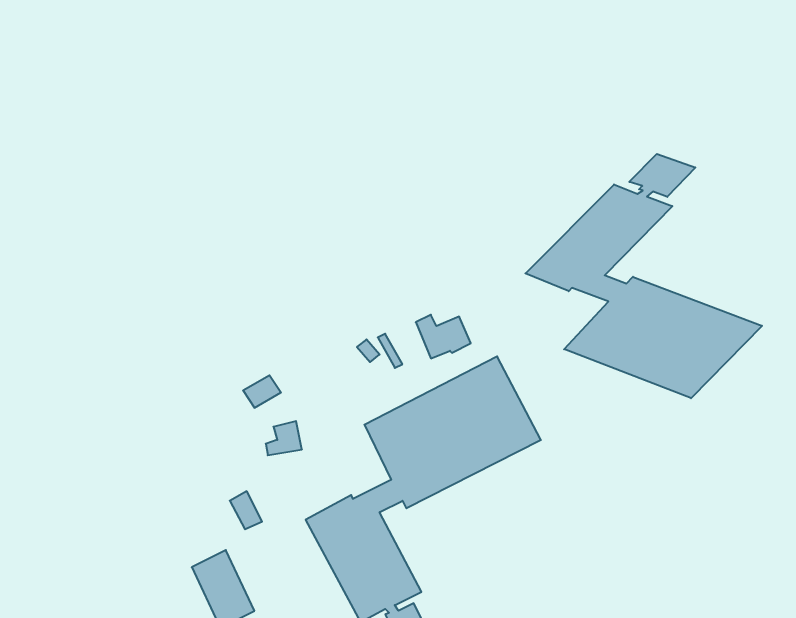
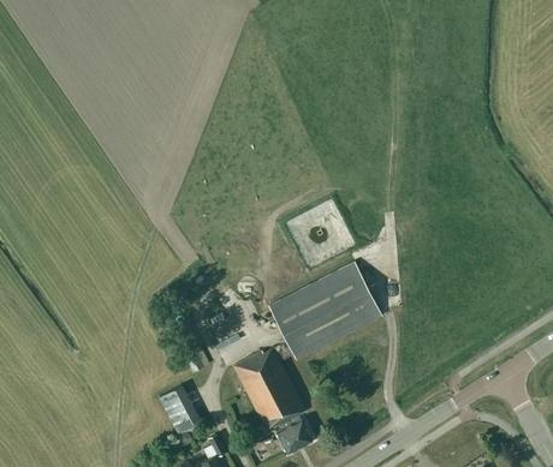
building: [525,154,762,398] -> none

